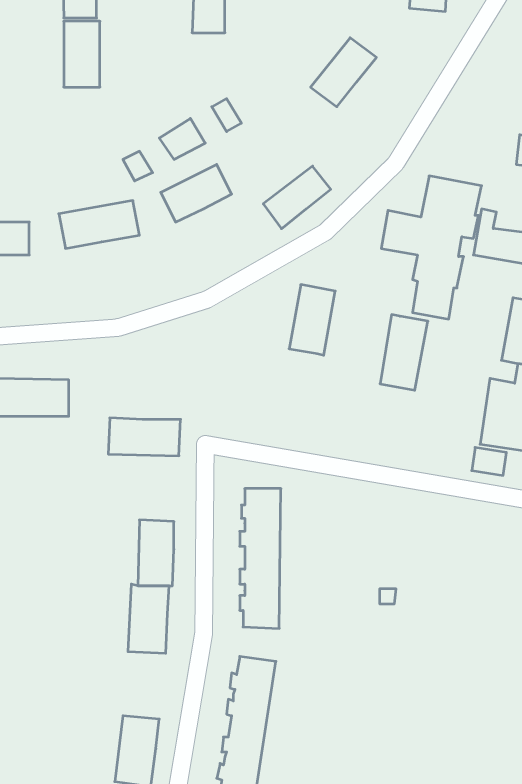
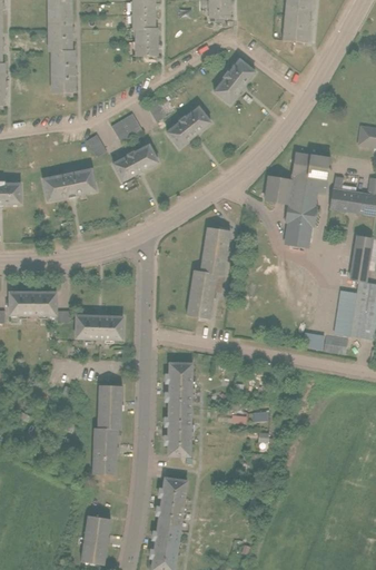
building: [263,166,331,229] -> [168,107,214,149]
building: [380,315,428,390] -> [187,267,219,318]

